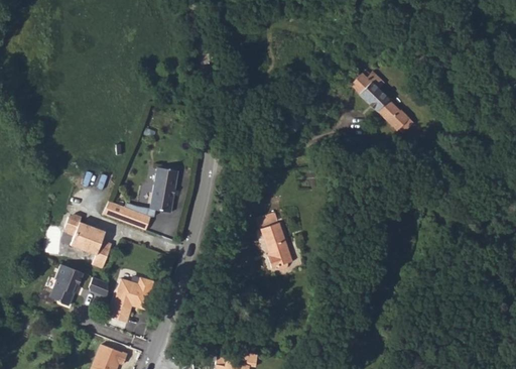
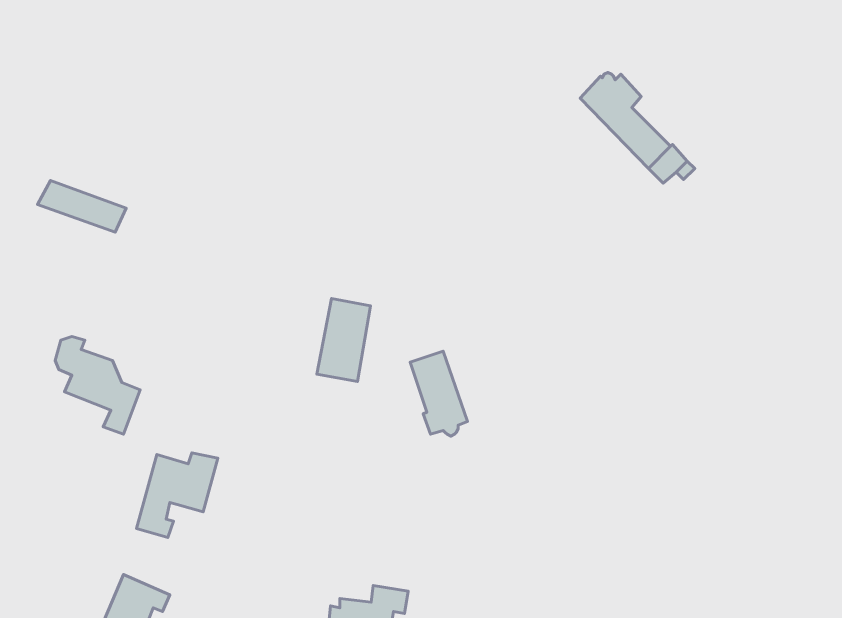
building: [140,167,169,213] -> [317,299,370,382]
building: [102,203,150,231] -> [38,181,126,232]
building: [50,262,84,303] -> none
building: [87,275,108,302] -> none

